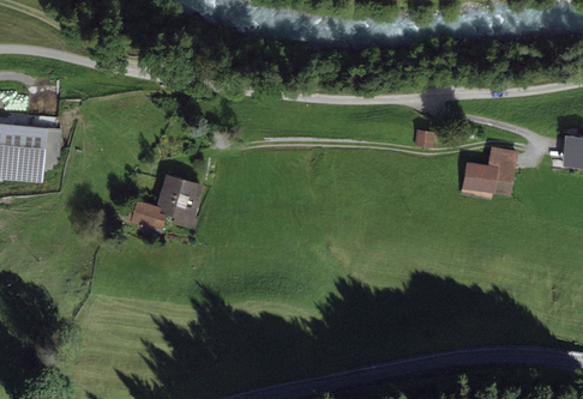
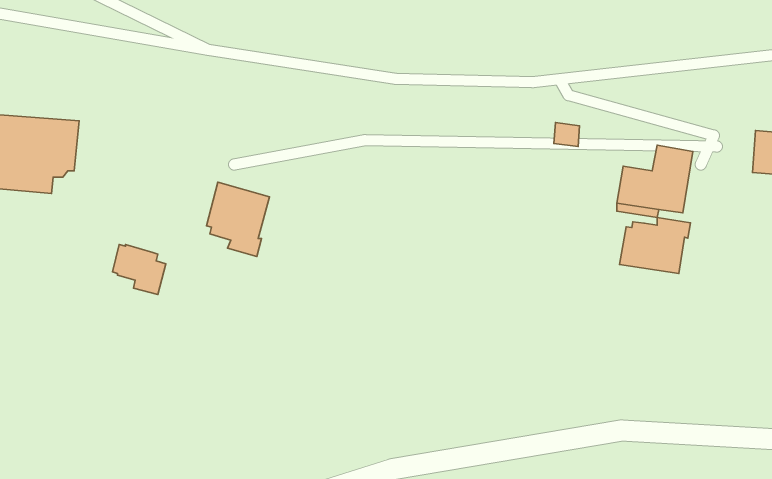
building: [126,200,166,237] -> [113,245,166,295]
building: none -> [619,218,690,274]

